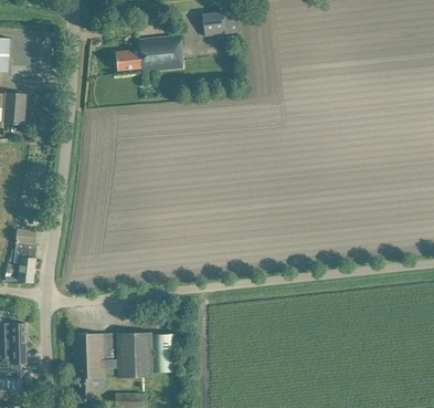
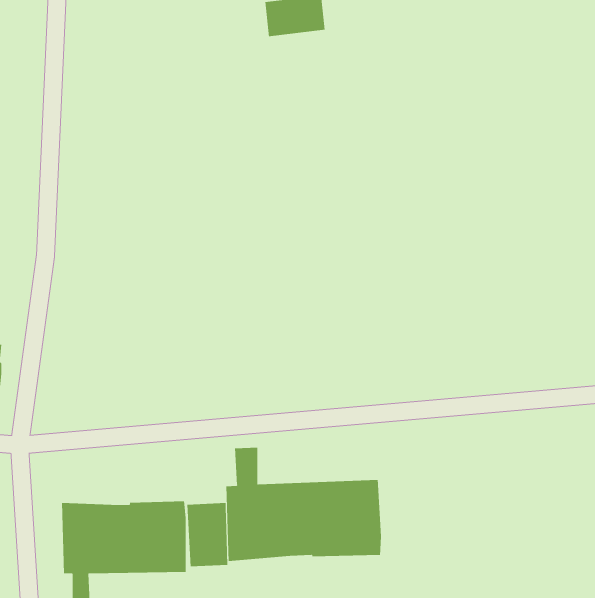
building: [116,35,182,71] -> none
building: none -> [226,447,382,562]

